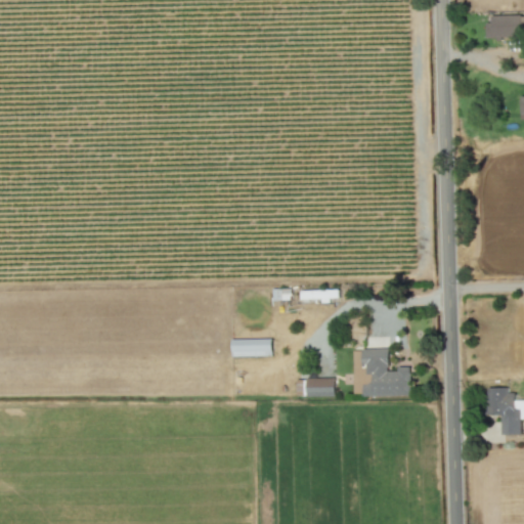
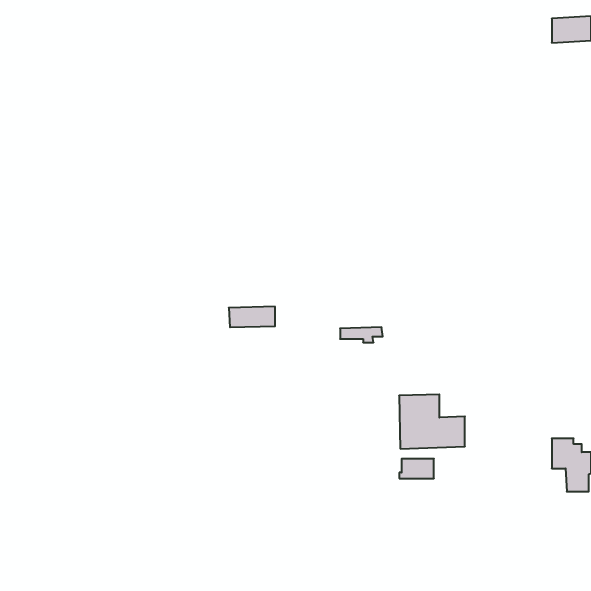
building: [231,339,272,357] -> [229,307,275,327]
building: [304,379,335,396] -> [399,459,434,478]

